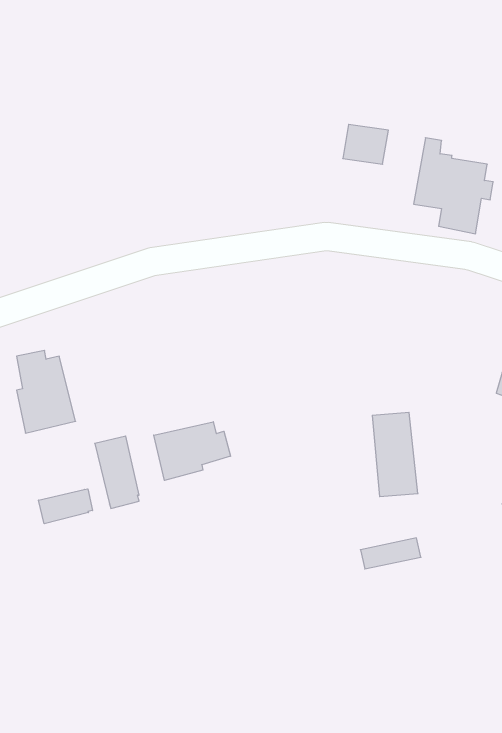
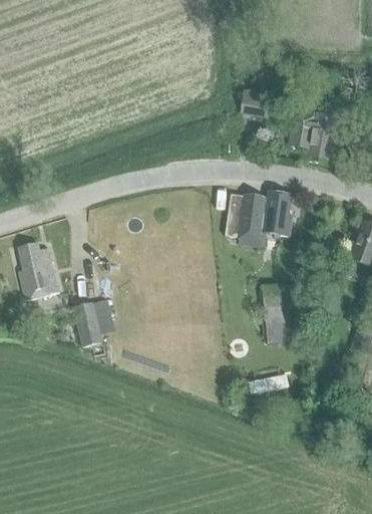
building: none -> [225,191,292,248]
building: [154,422,231,480] -> none
building: [39,489,92,524] -> none

